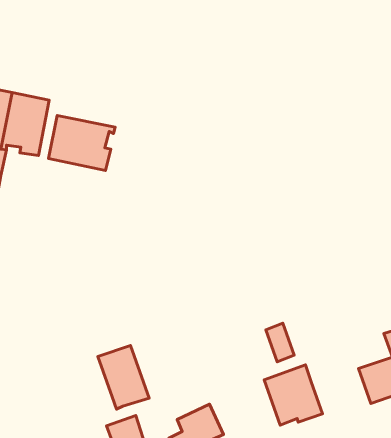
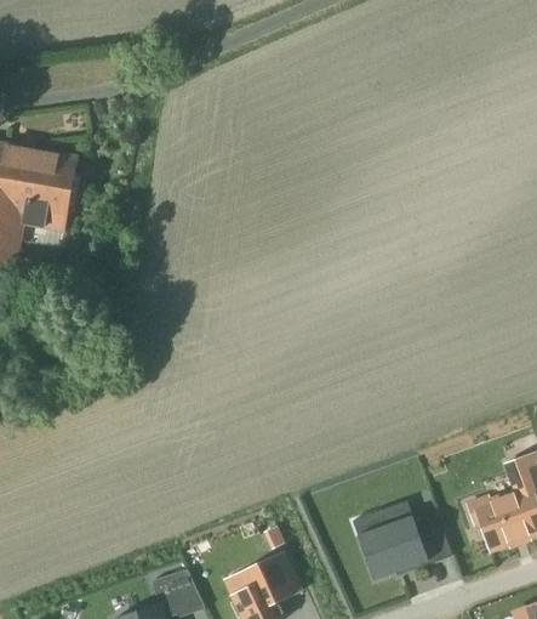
building: [49,116,115,171] -> none
building: [266,323,294,362] -> [413,515,450,564]
building: [98,345,149,409] -> none

